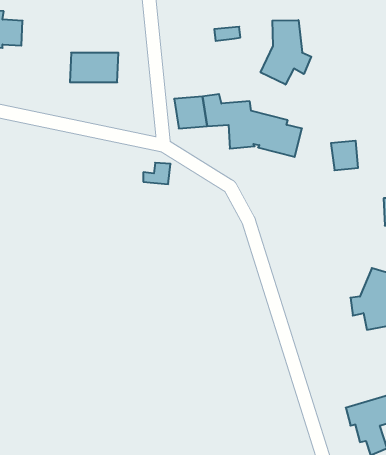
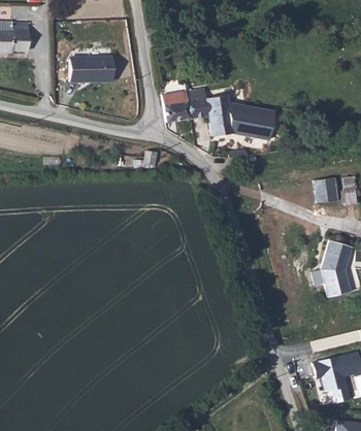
building: [261,20,311,85] -> none
building: [331,141,358,170] -> [317,174,340,200]

